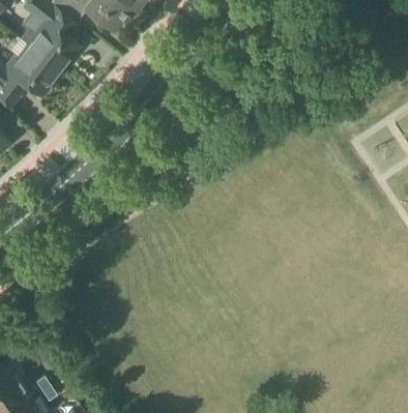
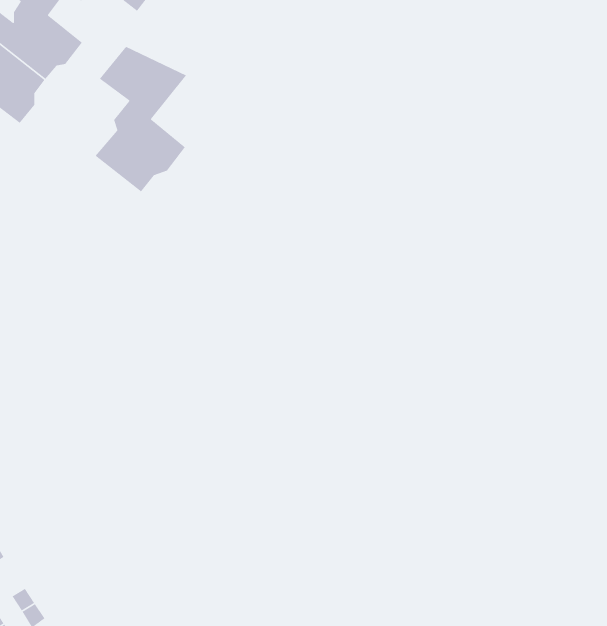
building: none -> [94,46,187,193]

